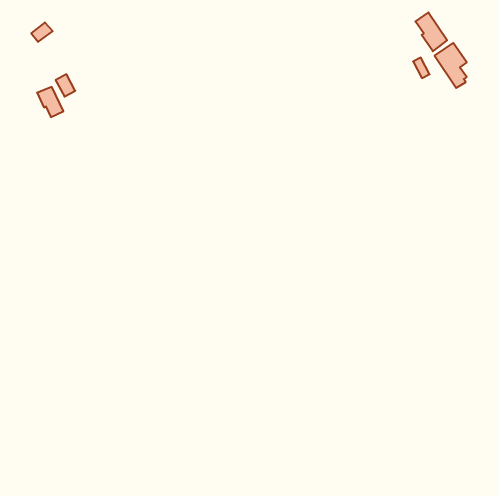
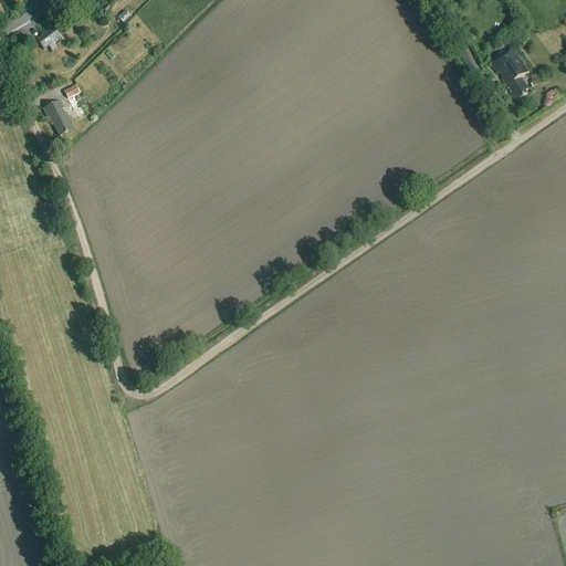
building: [415,12,447,51] -> none

